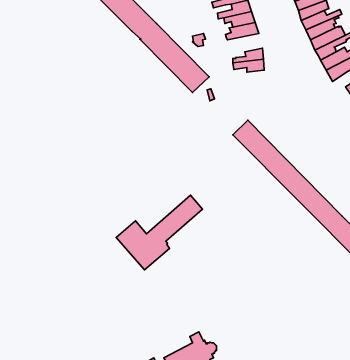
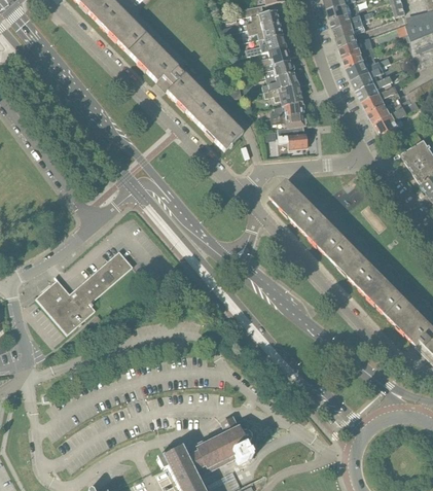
building: none -> [264,83,303,105]
building: none -> [278,125,308,147]
building: [116,195,203,270] -> [36,250,133,334]

